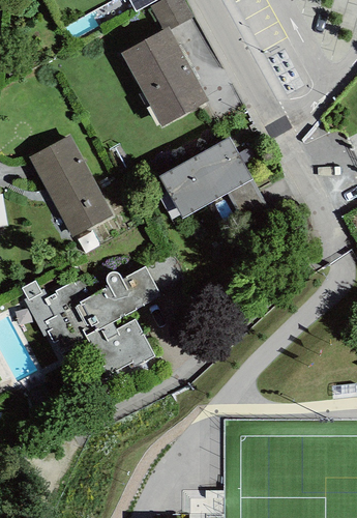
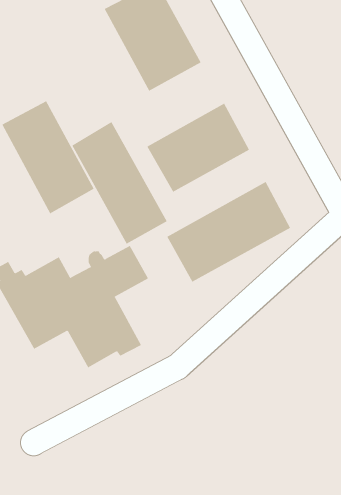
building: none -> [71,121,168,244]
building: none -> [166,181,291,283]

